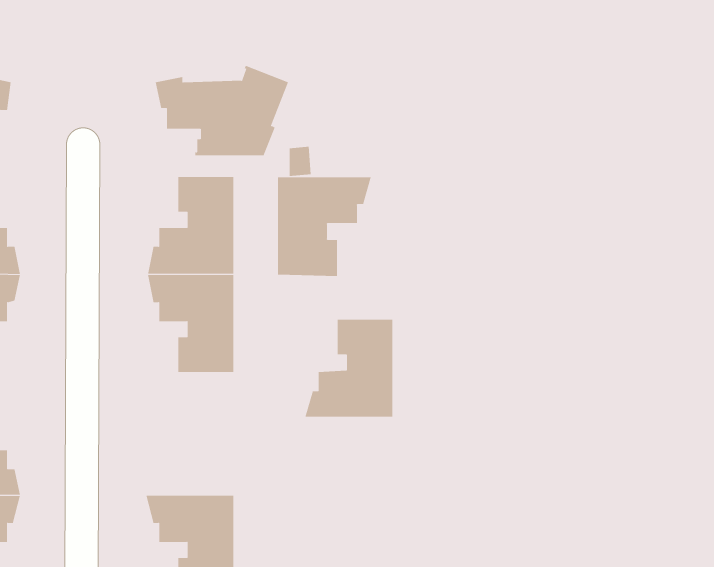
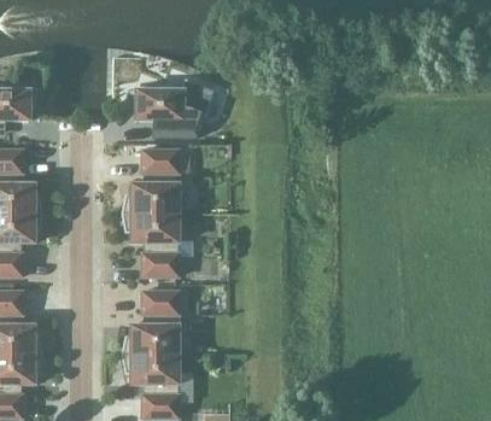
building: [278,176,371,277] -> none
building: [305,319,393,417] -> [122,292,179,355]

